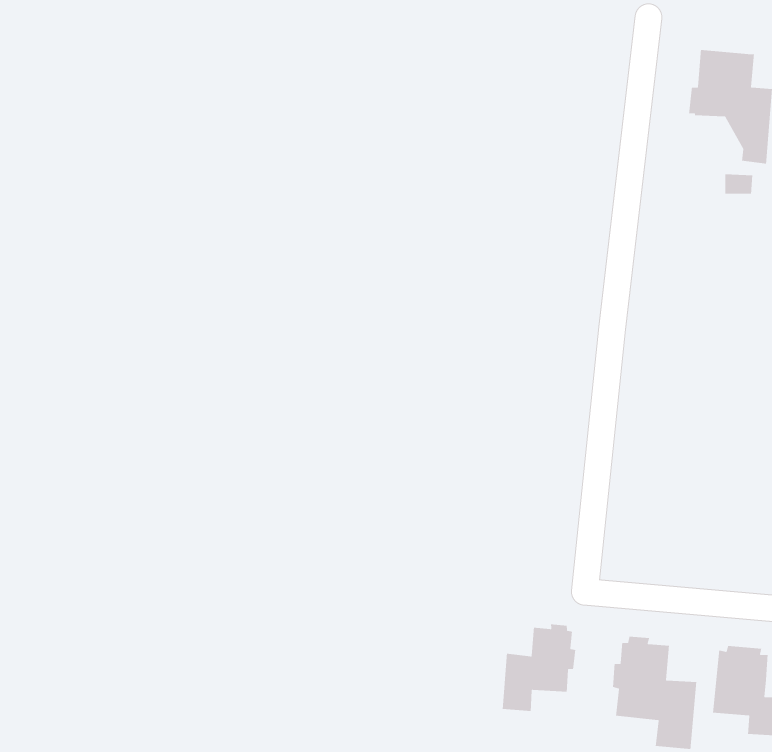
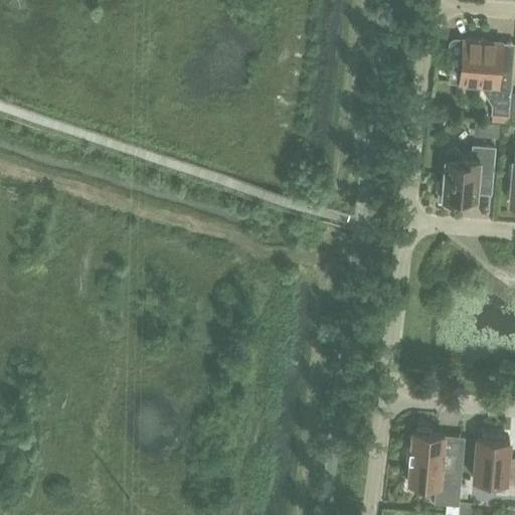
building: none -> [439,150,496,207]
building: [502,623,576,712] -> none

